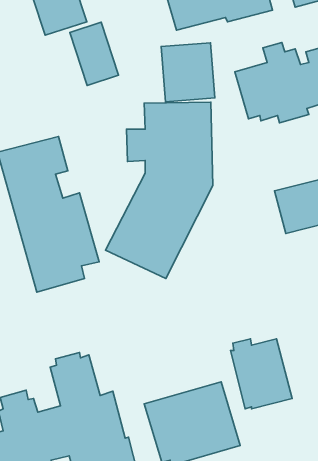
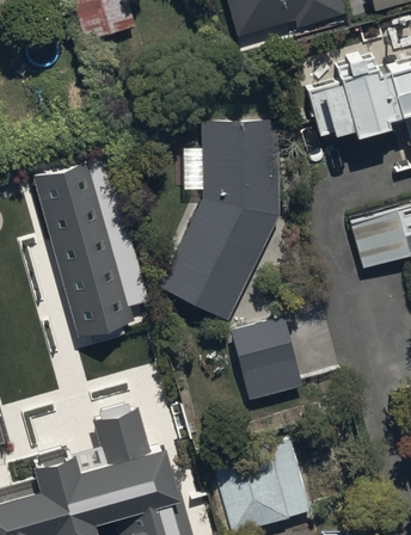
building: [70,22,119,85] -> none
building: [161,43,215,102] -> none
building: [231,339,292,409] -> [232,316,302,396]

